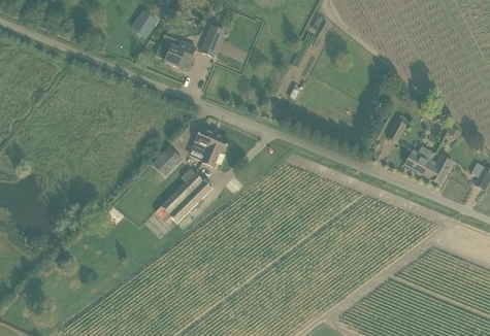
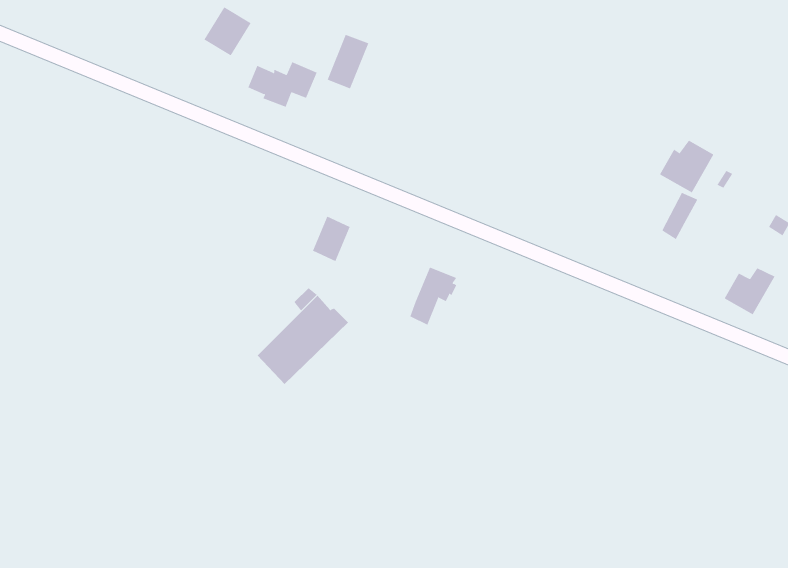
building: [201,134,228,167] -> [409,267,457,326]
building: [403,144,434,174] -> [659,140,714,193]
building: [151,146,181,177] -> none

